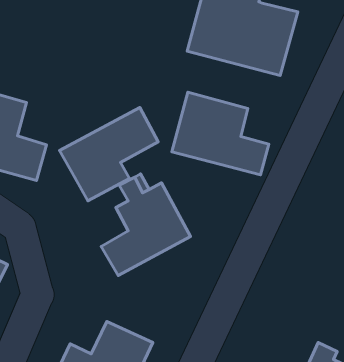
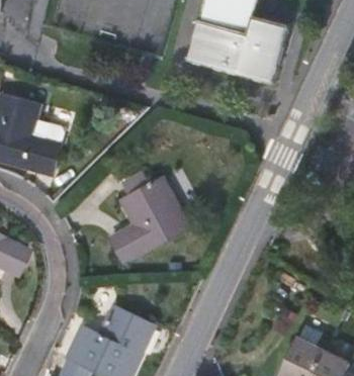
building: [172,92,269,175] -> none
building: [60,107,158,201] -> none

